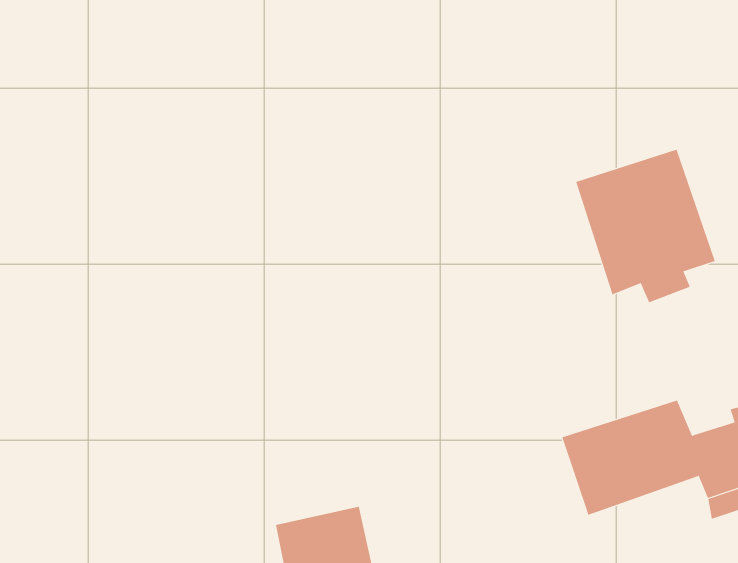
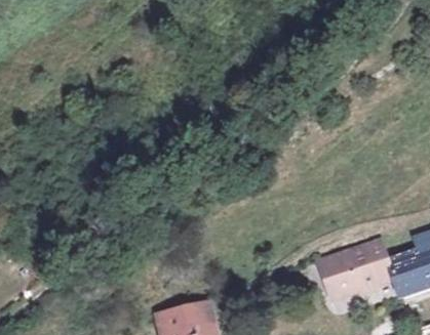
building: [575,149,716,303] -> none

